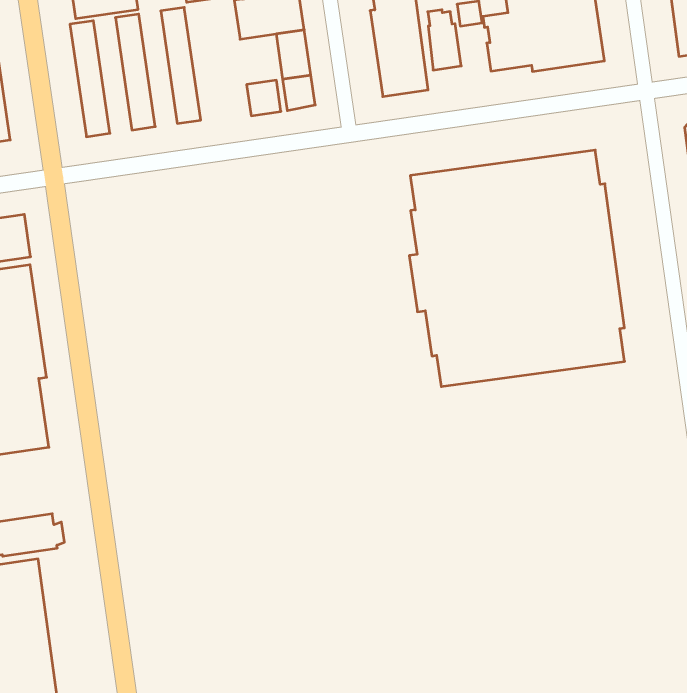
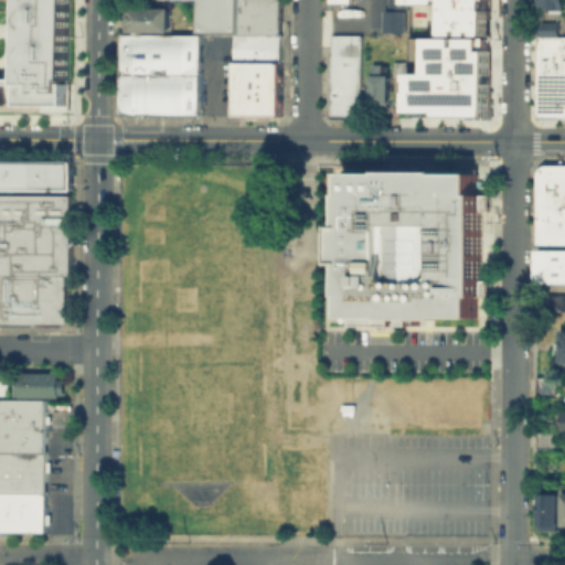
building: none -> [166,35,181,115]
building: none -> [134,35,149,115]
building: none -> [233,63,258,117]

